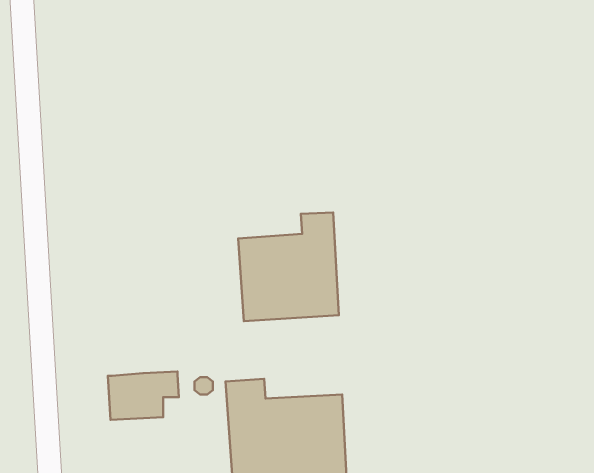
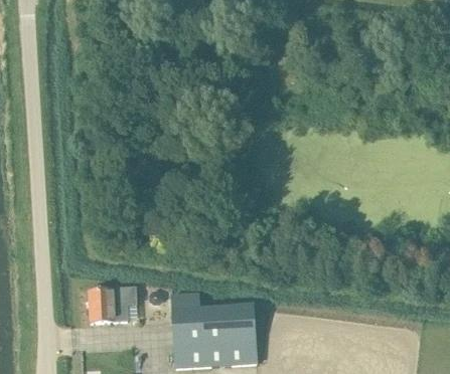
building: [238,212,339,321] -> none

